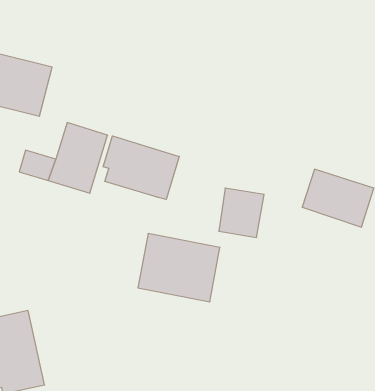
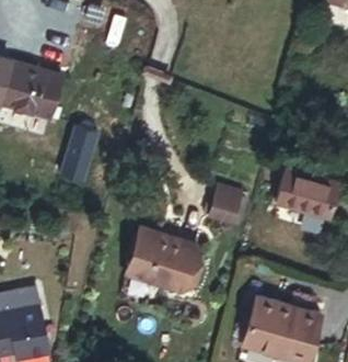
building: [103,136,179,199] -> none
building: none -> [246,287,324,353]

